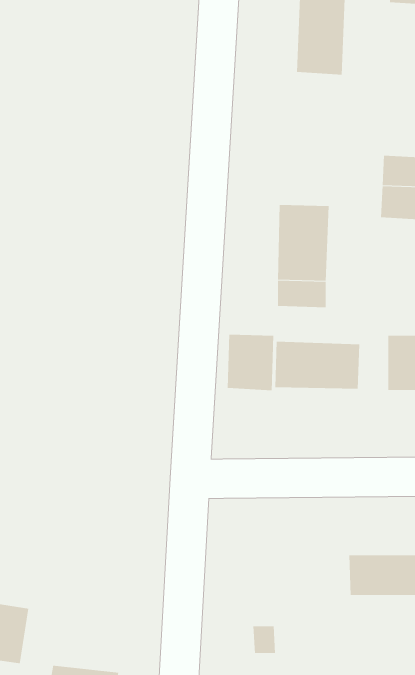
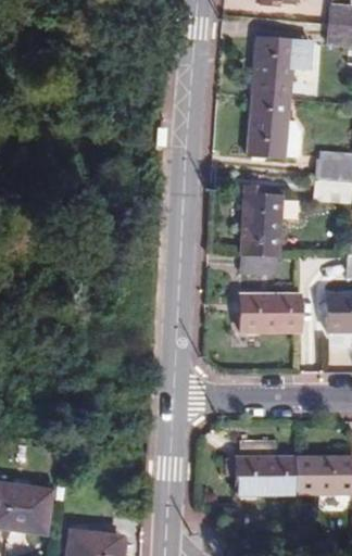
building: none -> [252,94,289,151]
building: [227,334,274,391] -> none
building: none -> [237,439,294,485]

